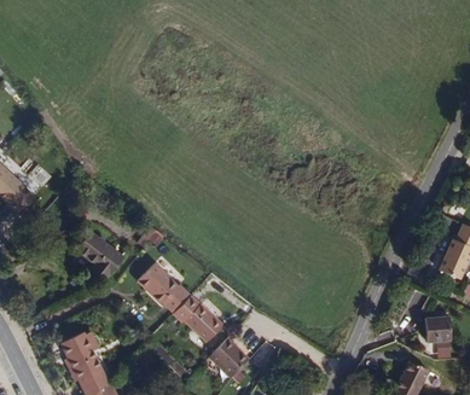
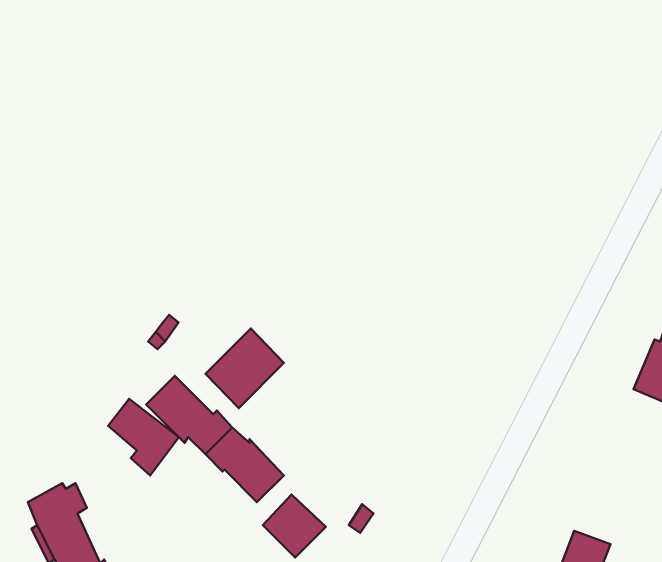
building: [77,231,122,279] -> [108,399,179,475]
building: none -> [206,329,284,408]
building: [425,315,452,342] -> none

